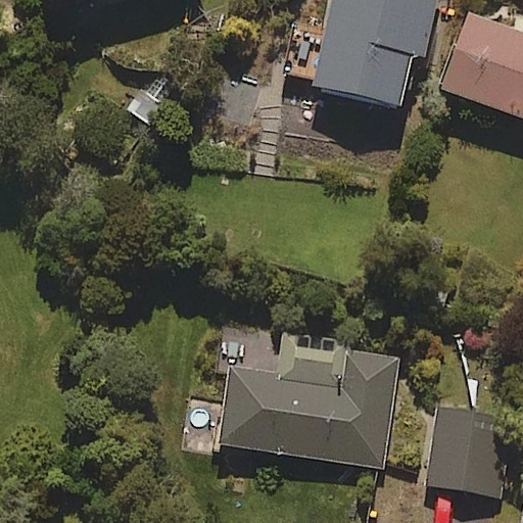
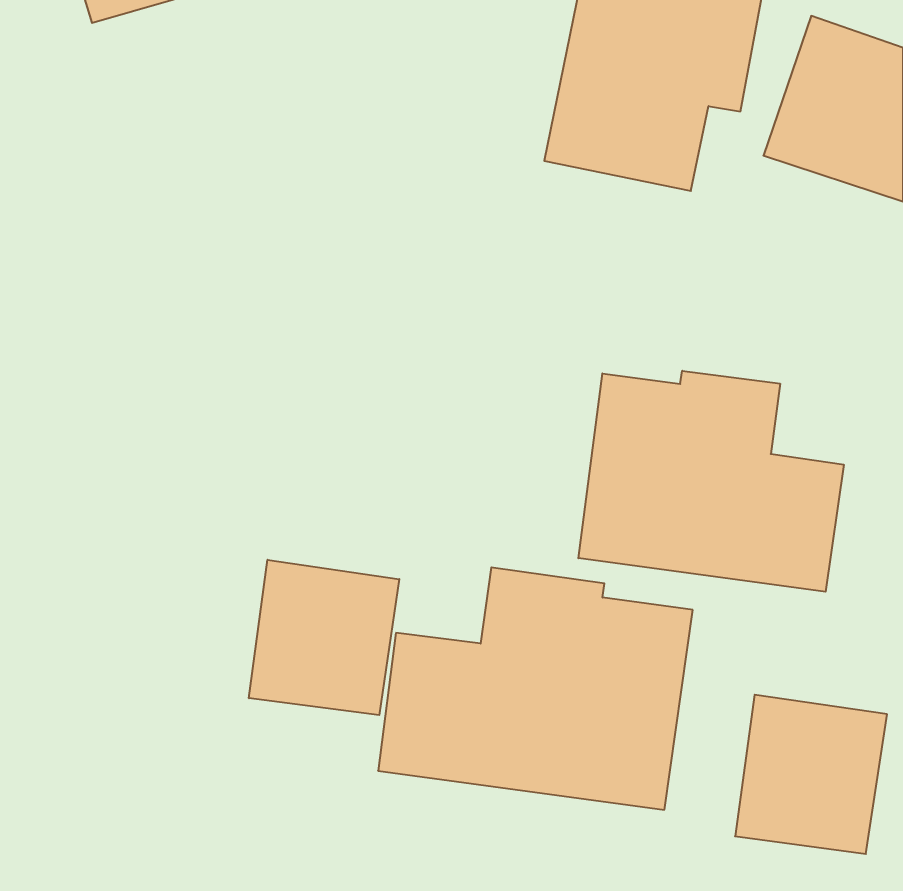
building: none -> [578,371,844,592]
building: none -> [249,560,399,715]

